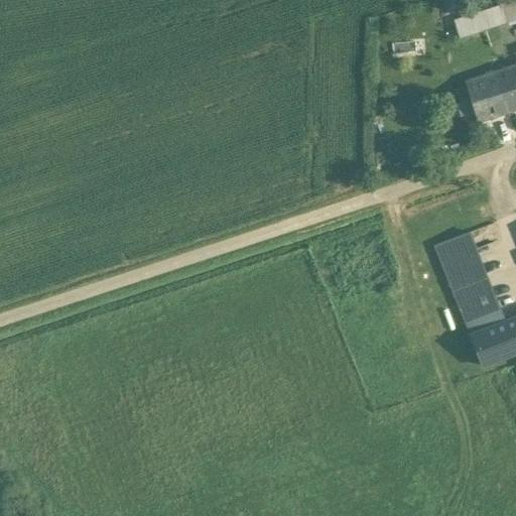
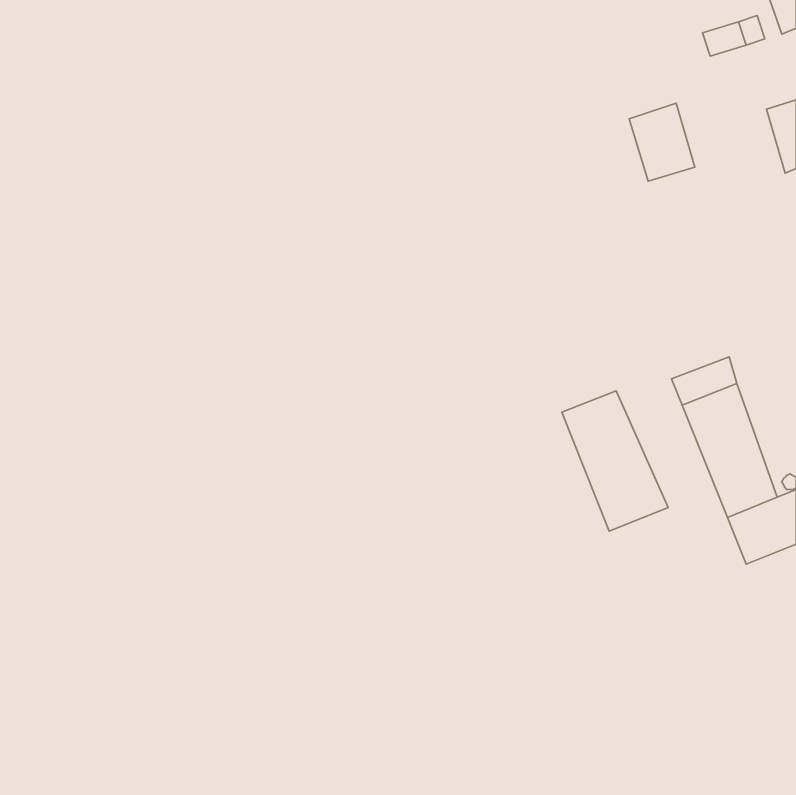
building: [466,71,508,121] -> [629,103,695,181]
building: none -> [562,391,668,531]

